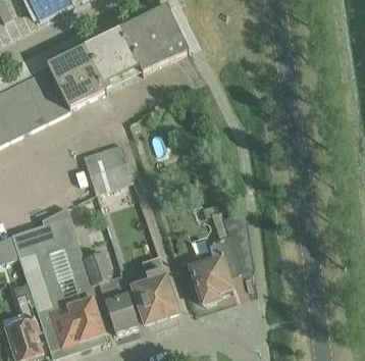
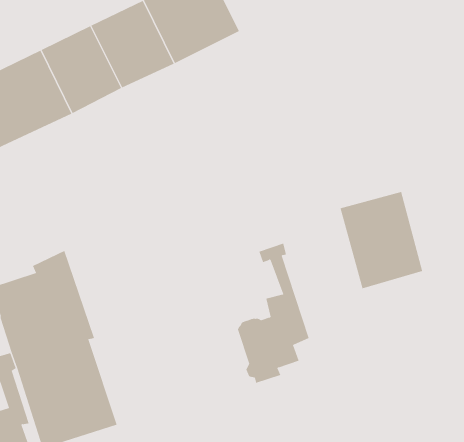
building: [84,144,135,194] -> none
building: none -> [340,191,423,289]
building: [84,252,138,333] -> none
building: [133,258,177,323] -> none

